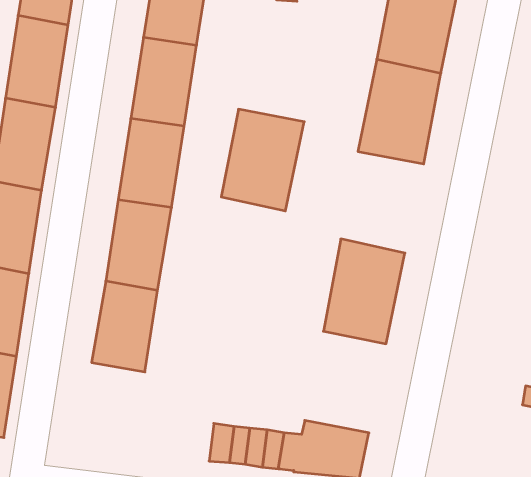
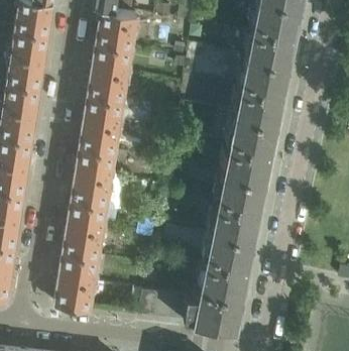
building: [221,109,304,211] -> [224,115,277,181]
building: none -> [201,231,253,297]
building: none -> [55,251,98,310]

